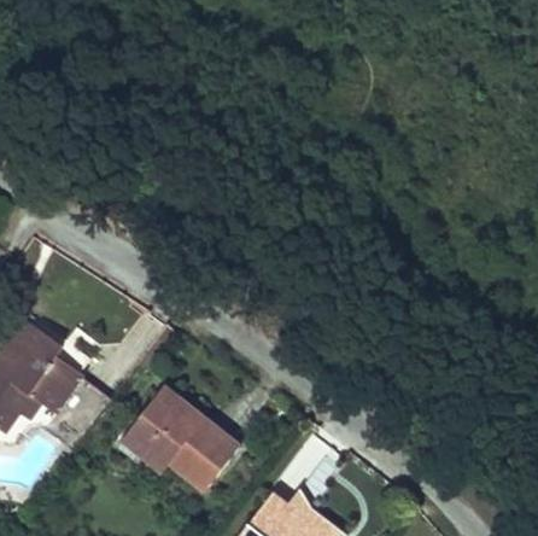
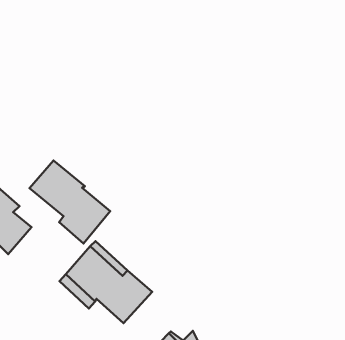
building: none -> [29,161,110,243]

